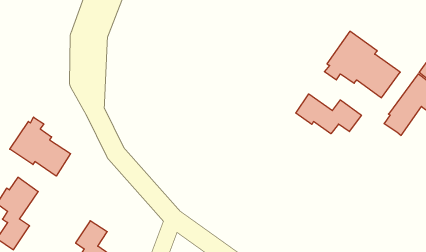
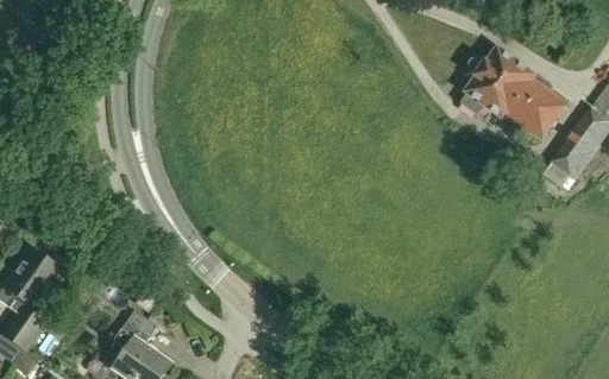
building: [296,94,361,134] -> none
building: [10,117,71,176] -> none

